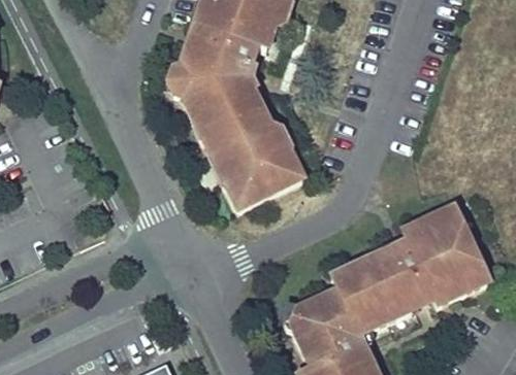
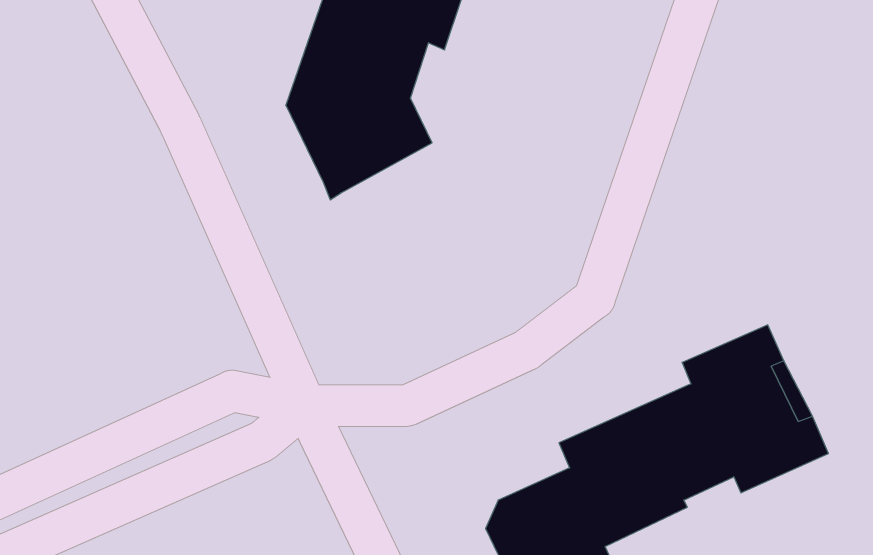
building: [201,100,304,208] -> none

